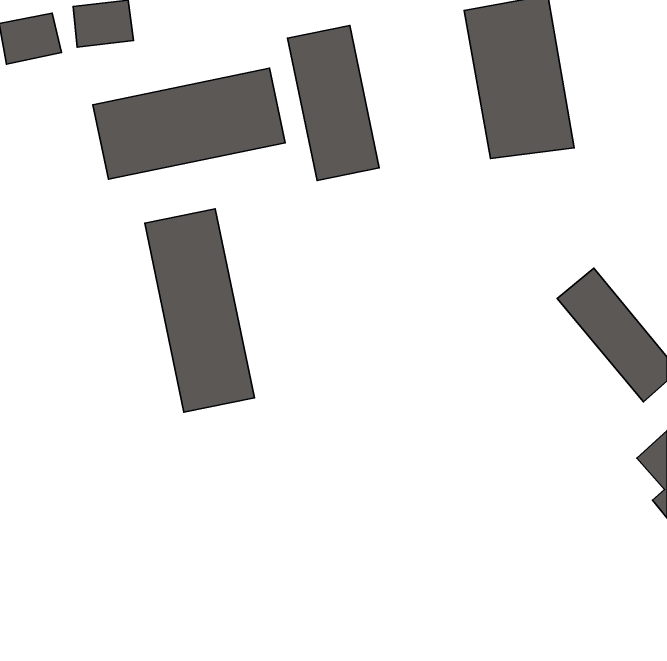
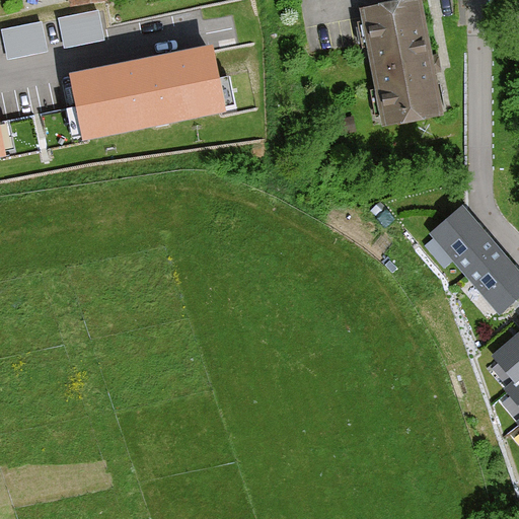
building: [288,25,379,180] -> none
building: [145,209,254,412] -> none

